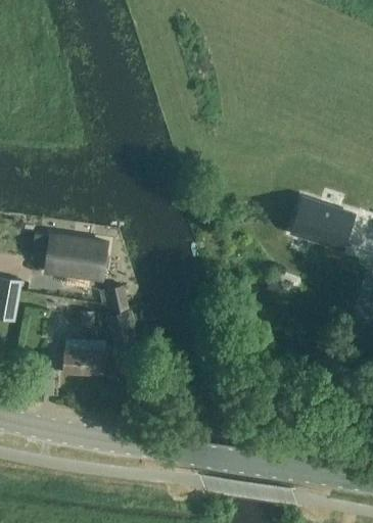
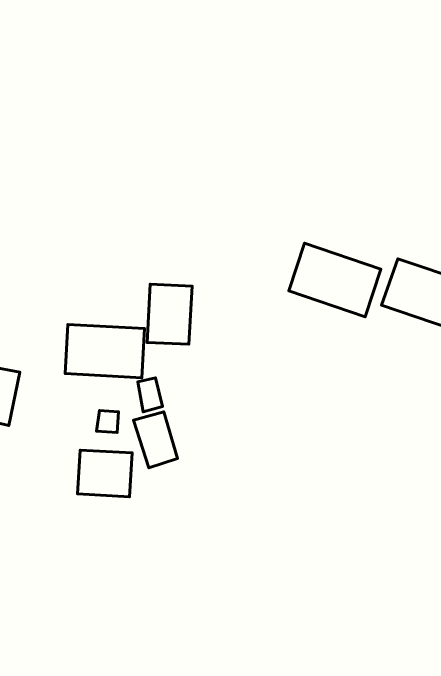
building: none -> [289,243,381,317]
building: none -> [147,284,192,344]

